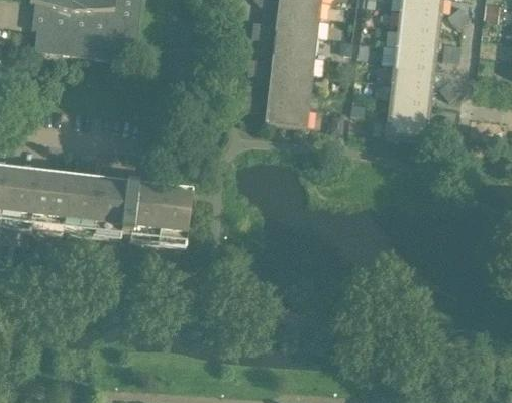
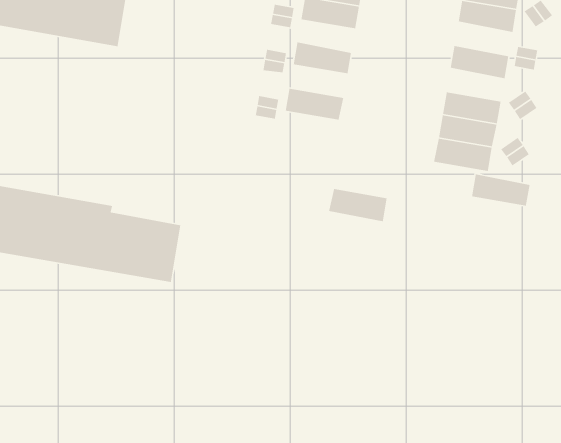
building: [394,26,439,51] -> none
building: [272,31,317,55] -> none
building: [390,63,435,86] -> [471,174,530,206]
building: [268,67,313,90] -> none
building: [263,103,308,127] -> [328,188,387,222]

